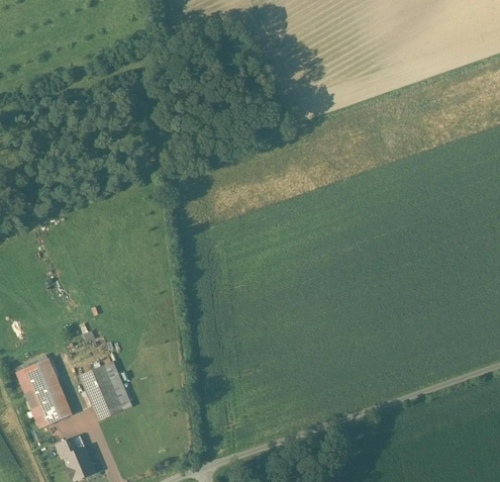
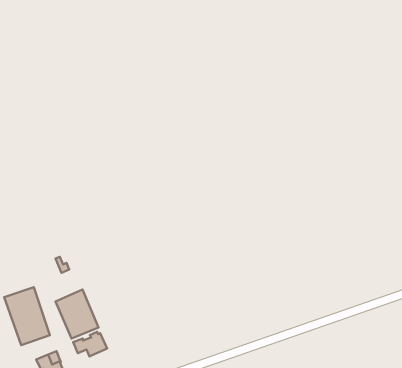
building: none -> [73,332,107,357]

